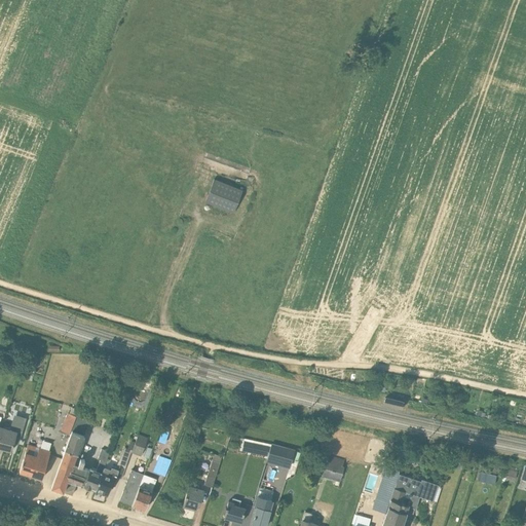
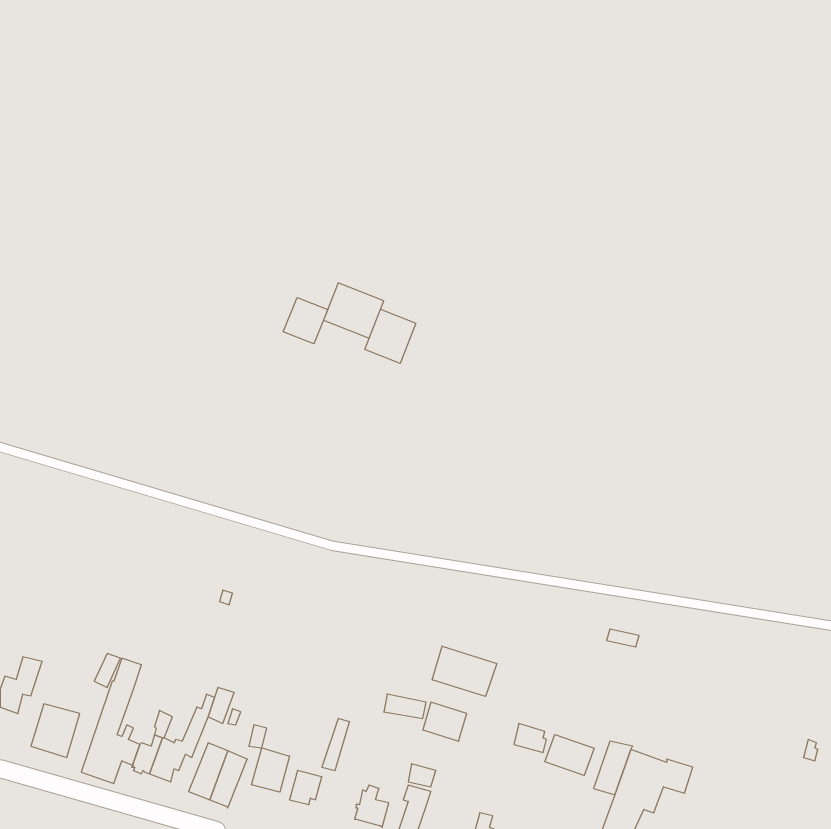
building: none -> [283,298,328,344]
building: none -> [365,309,416,363]
building: none -> [432,646,497,696]
building: none -> [545,735,594,775]
building: none -> [252,748,290,792]

